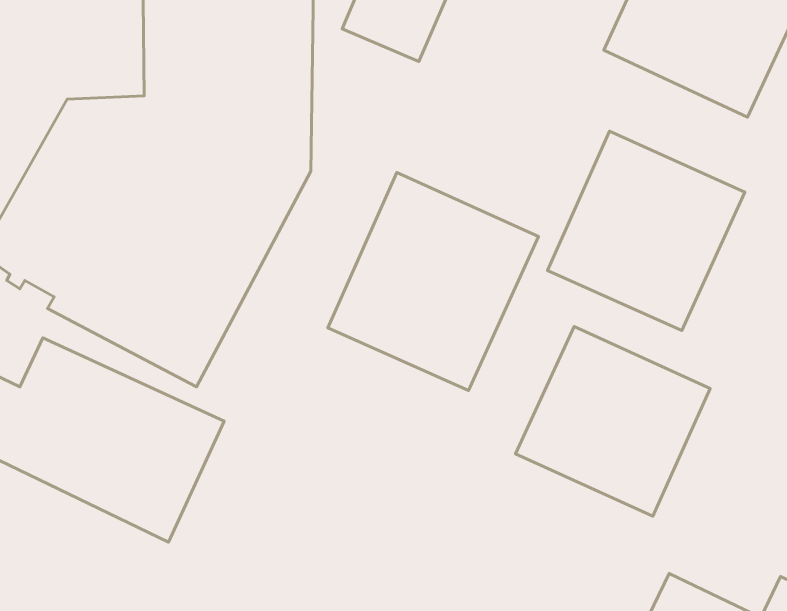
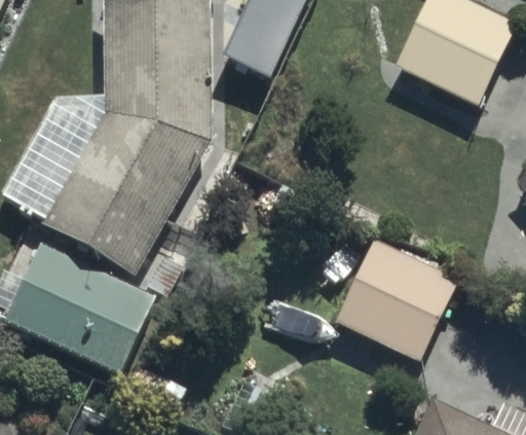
building: [548,131,745,331] -> none
building: [328,173,539,391] -> none

